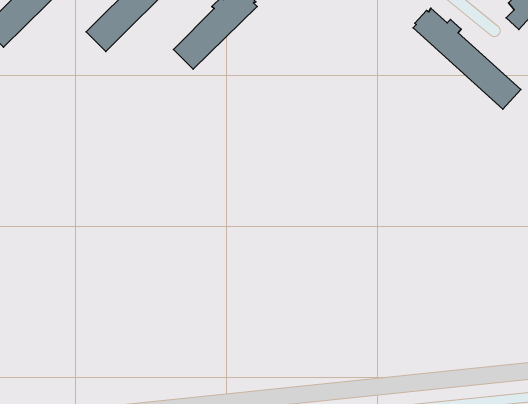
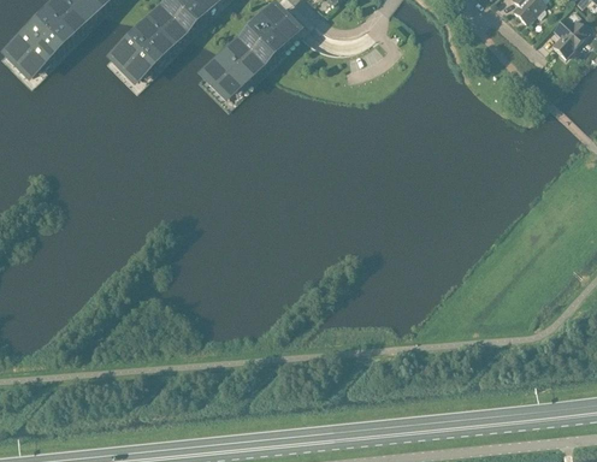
building: [413,8,521,109] -> none

